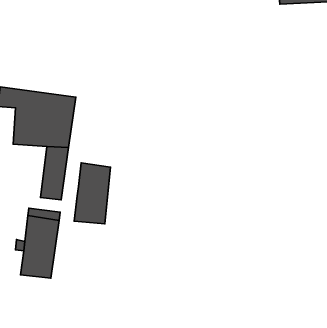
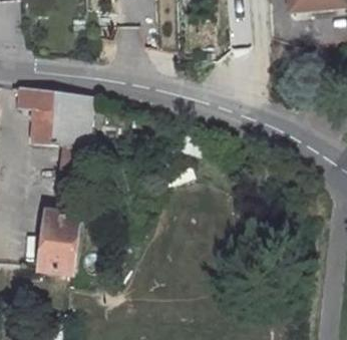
building: [74,163,110,224] -> none

